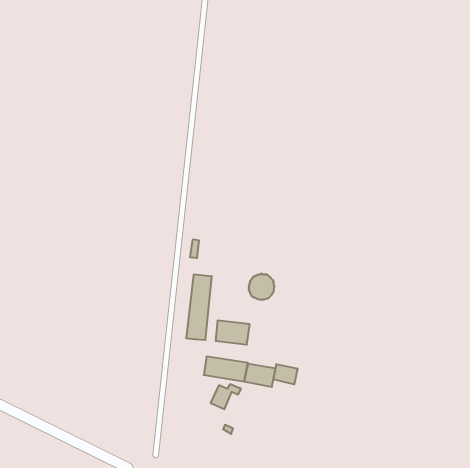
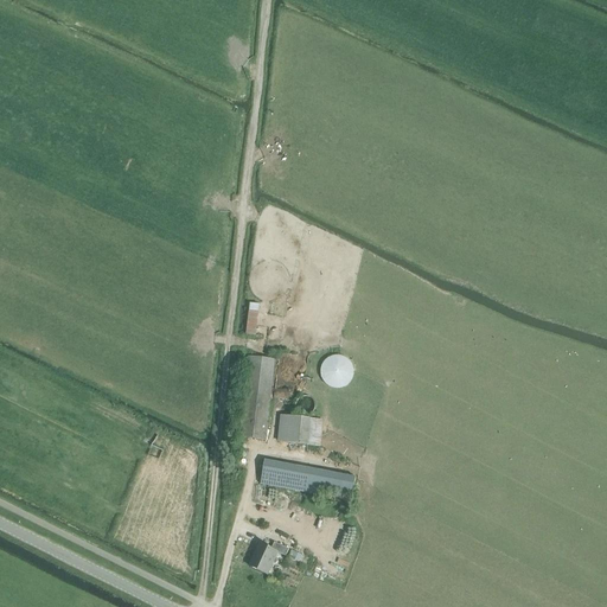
building: [273,364,297,384] -> none
building: [211,384,241,409] -> [248,539,287,571]

